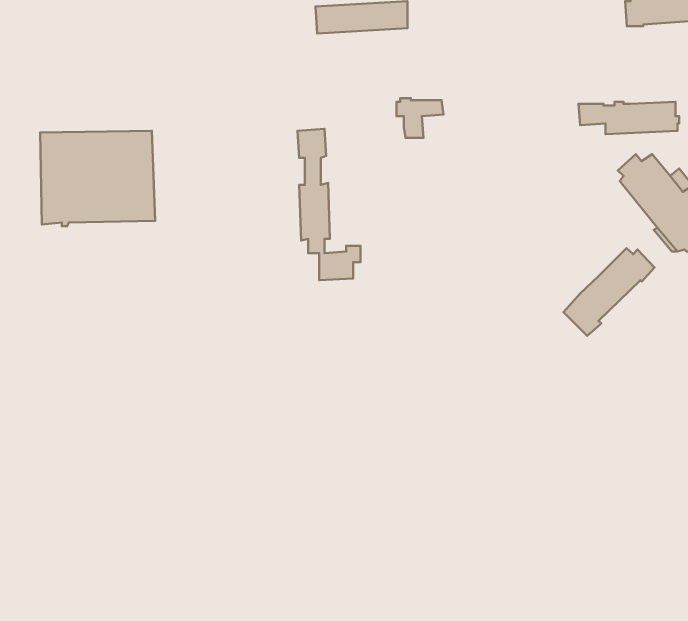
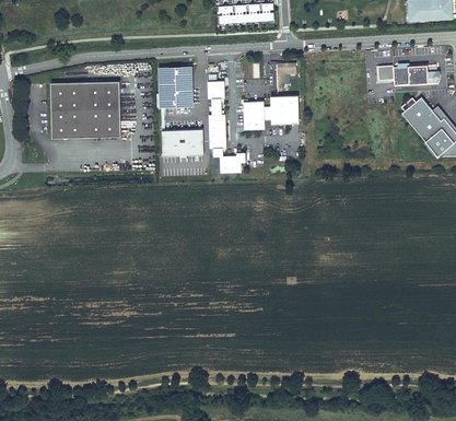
building: none -> [161,66,203,155]
building: none -> [243,95,299,130]
building: [563,248,655,336] -> none

